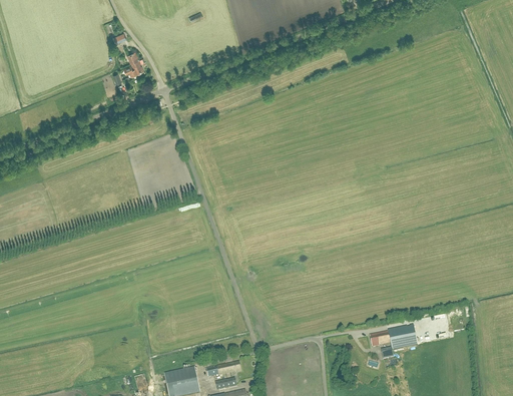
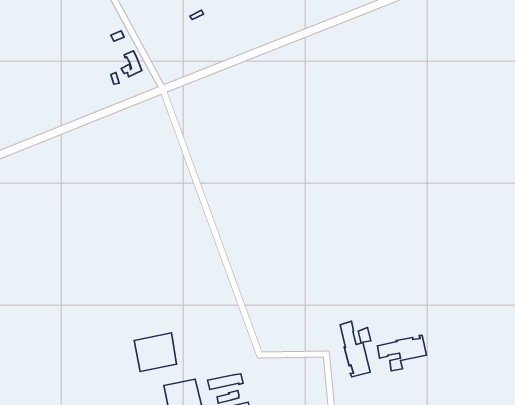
building: none -> [340,321,371,377]
building: none -> [134,333,177,372]

